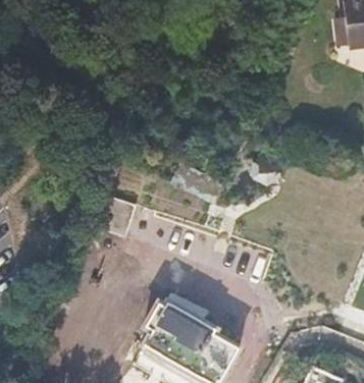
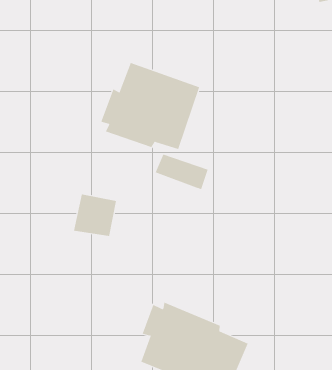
building: none -> [101,62,200,150]

